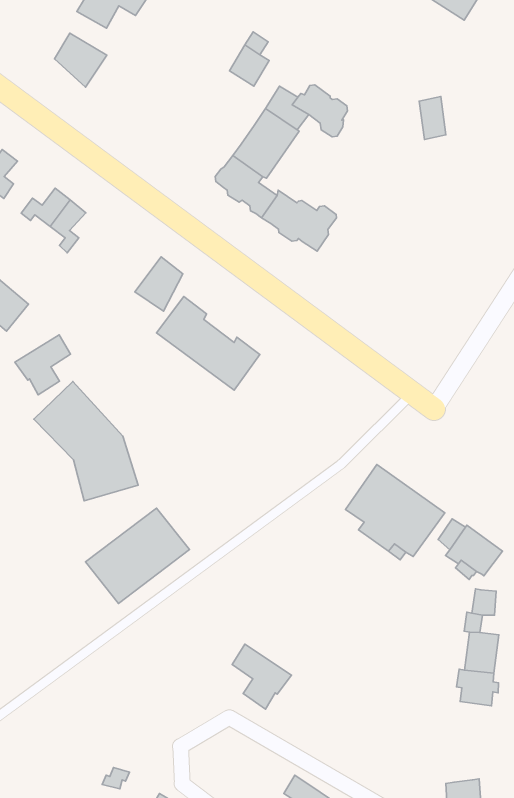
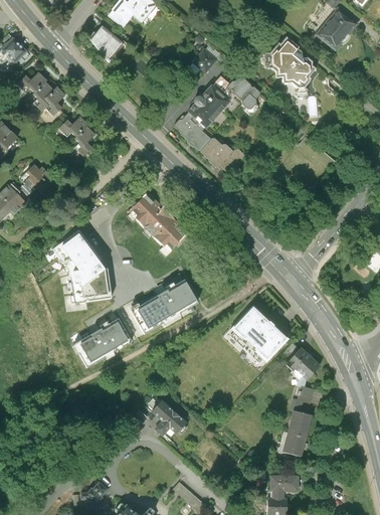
building: none -> [268,35,319,87]
building: [135,257,183,311] -> none
building: [15,335,70,395] -> none
building: none -> [130,275,196,332]
building: none -> [269,476,297,499]

